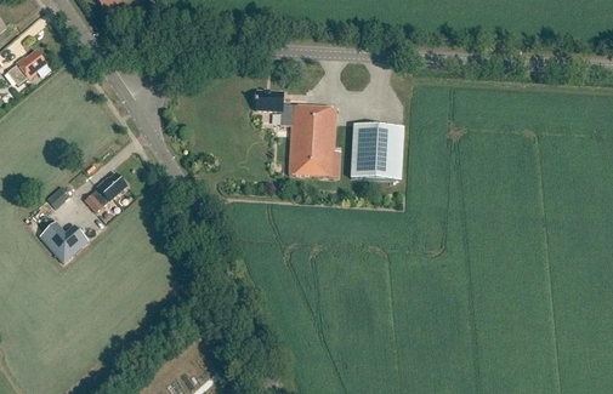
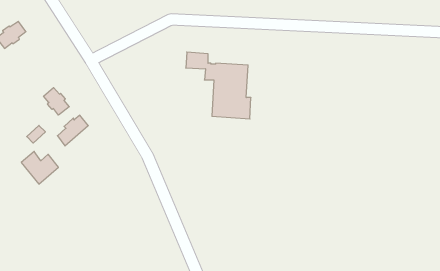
building: [351,124,402,181] -> none
building: none -> [44,88,69,115]

